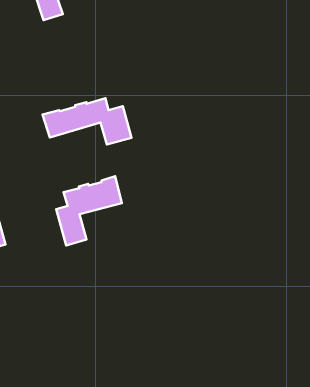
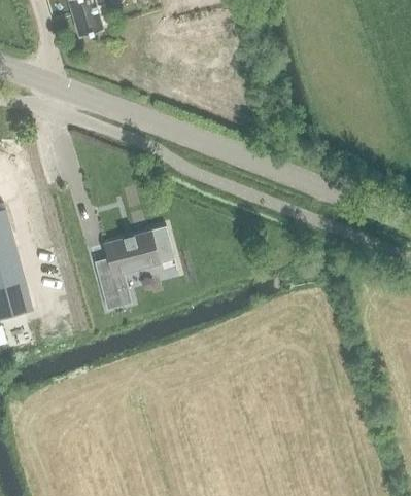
building: [43,98,132,145] -> none

